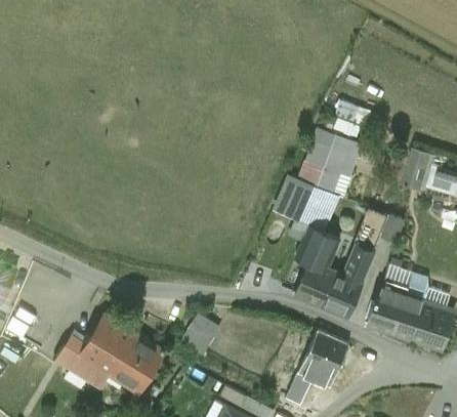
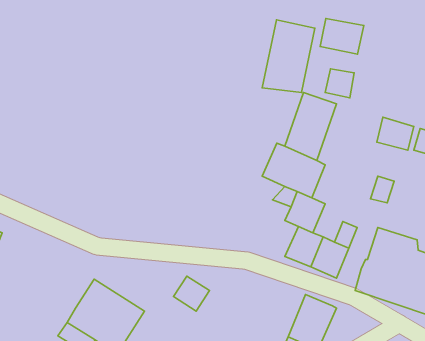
building: none -> [320,19,364,54]
building: none -> [262,20,315,92]
building: [54,334,88,372] -> none

